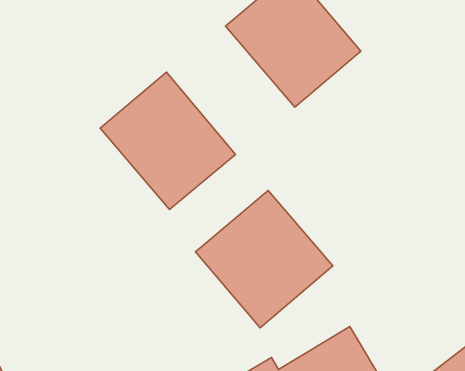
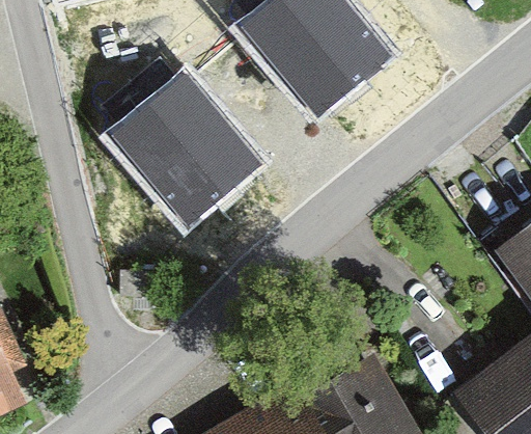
building: [196,191,333,328] -> none

